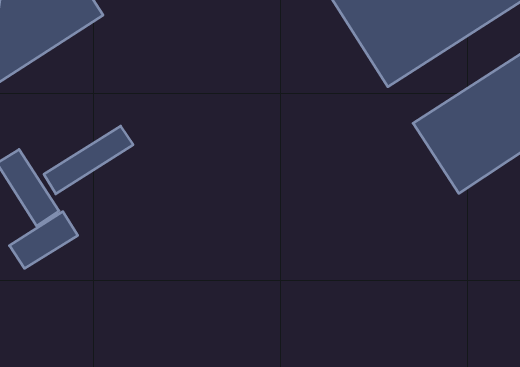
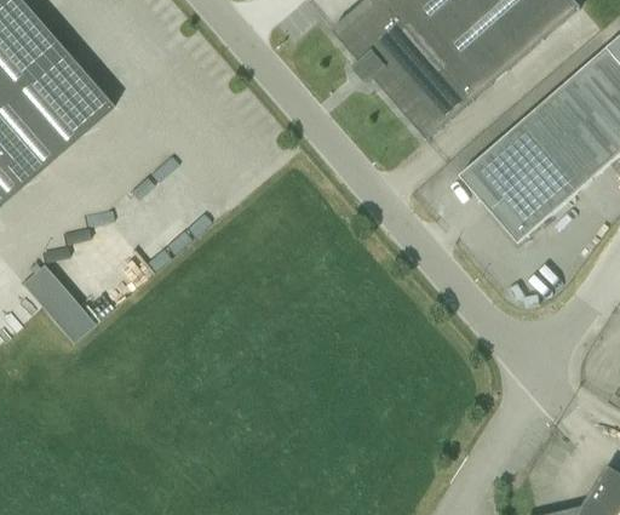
building: [44,126,133,194] -> none
building: [9,212,78,268] -> none

